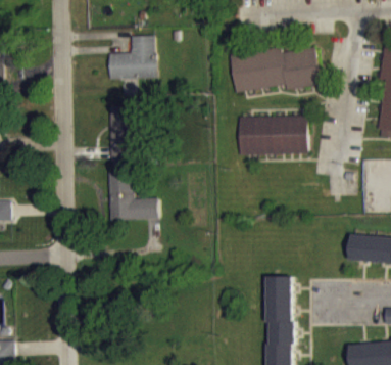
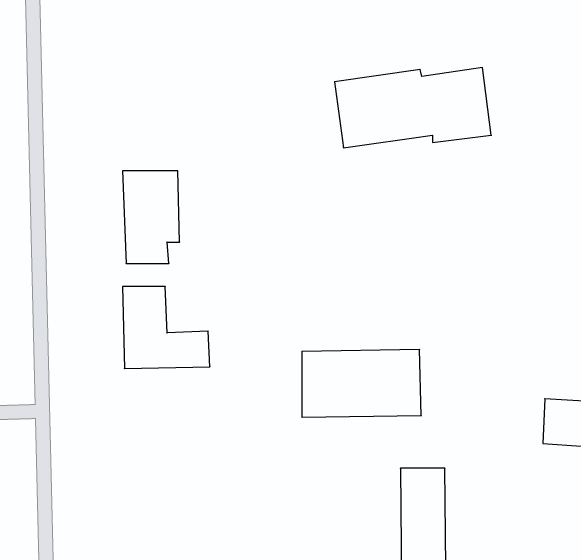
building: [107,37,154,79] -> none
building: [238,117,306,155] -> [302,350,421,417]

